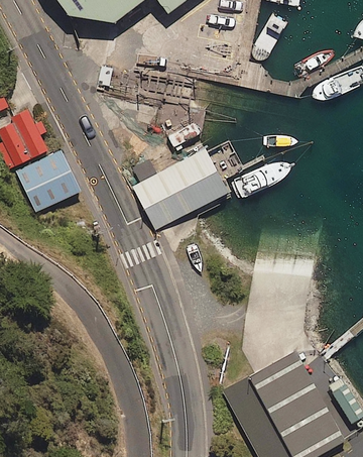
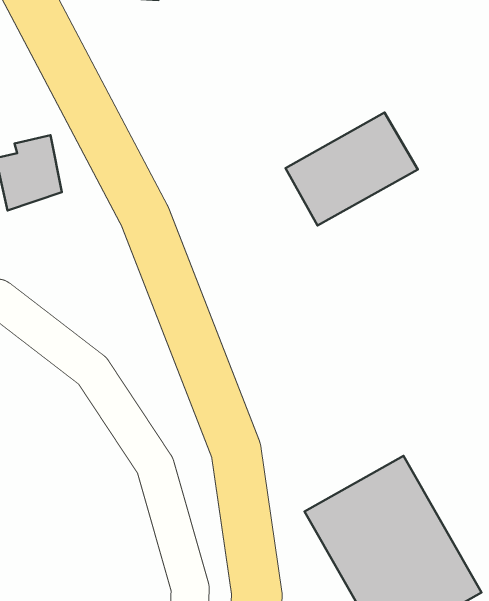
building: [14,149,81,216] -> none
building: [133,150,229,232] -> [286,112,418,225]

